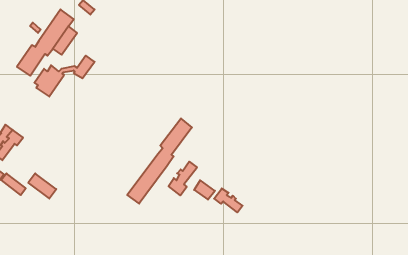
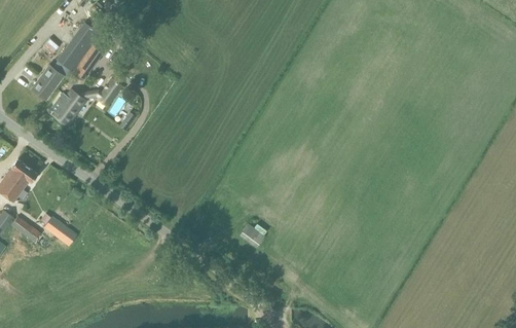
building: [127,118,192,204] -> none
building: [169,162,197,195] -> none
building: [214,188,243,212] -> none

